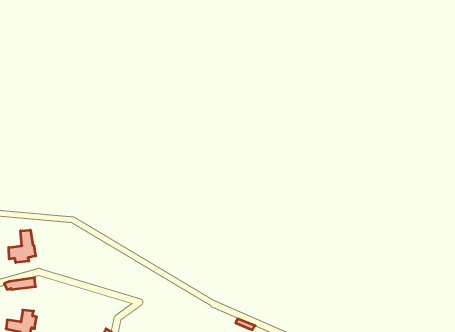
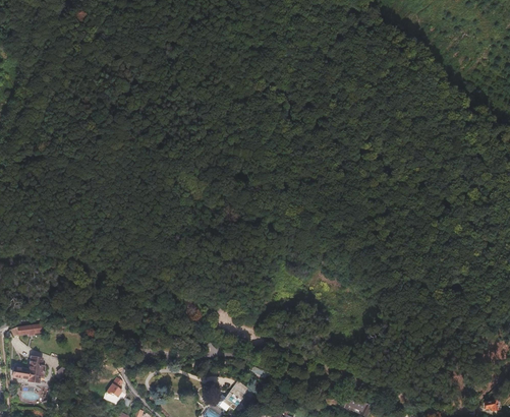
building: [9,230,36,263] -> none

